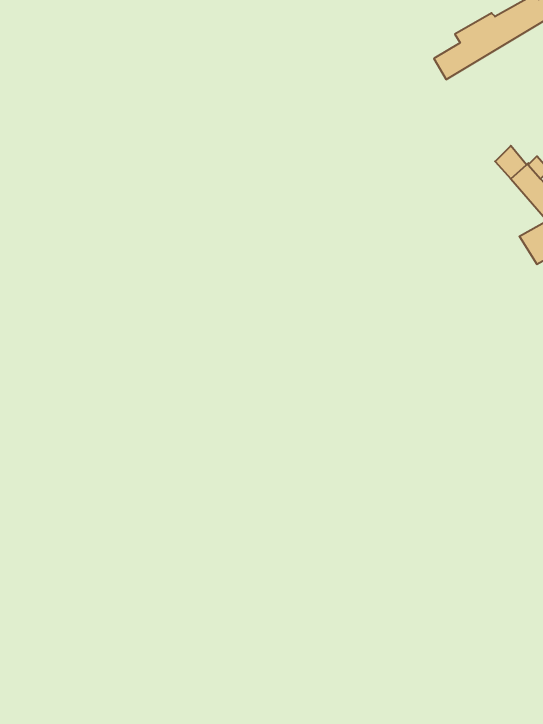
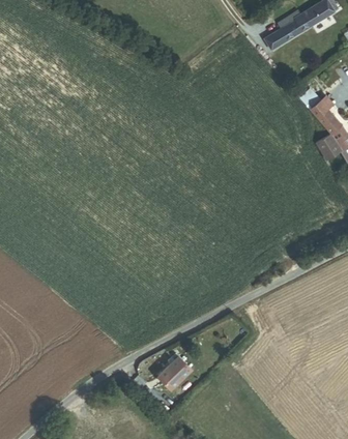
building: none -> [162,354,190,385]

